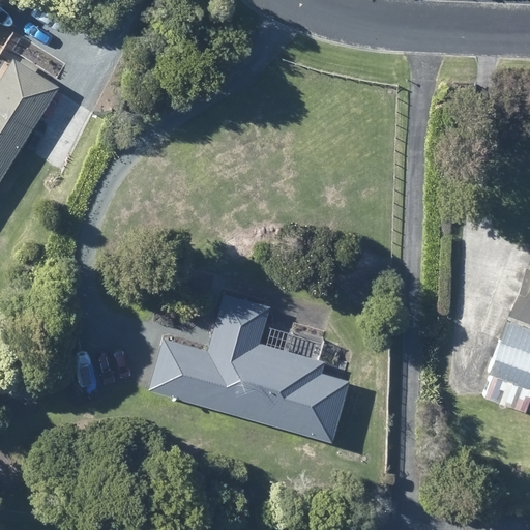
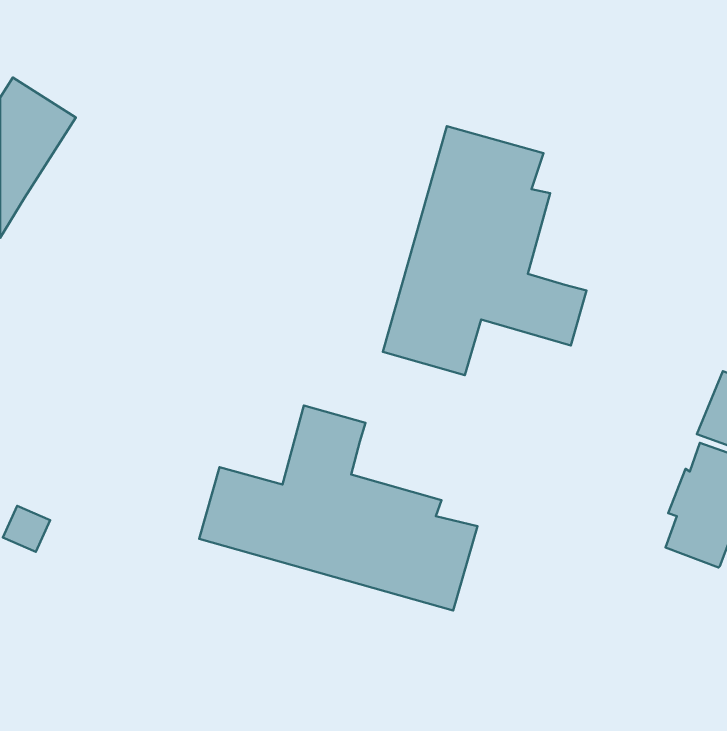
building: none -> [383,126,586,375]

